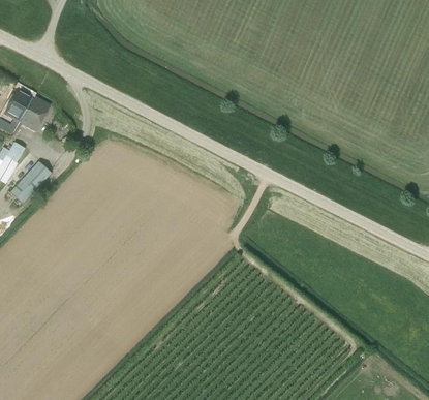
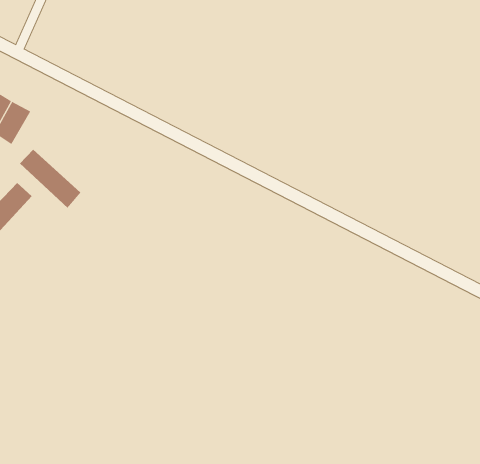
building: none -> [19,149,81,208]

